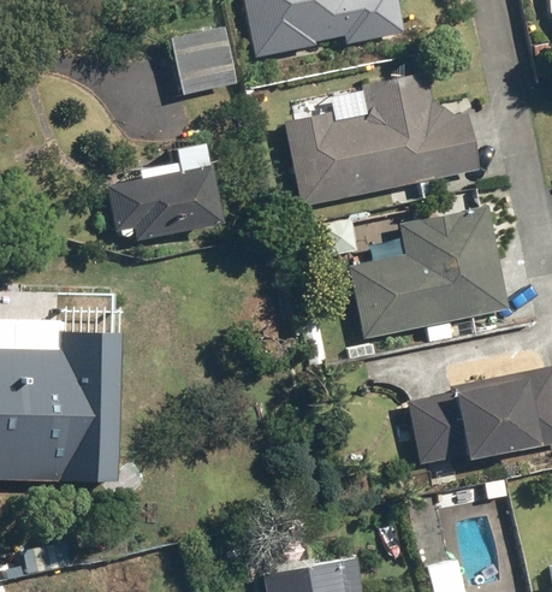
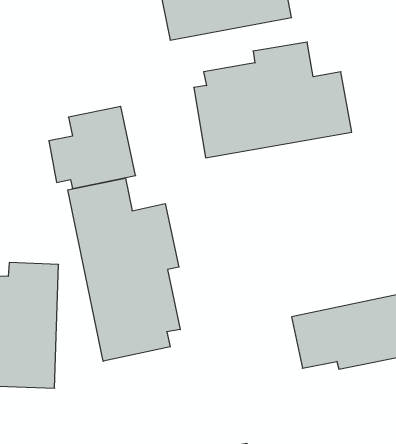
building: [170,23,236,95] -> none
building: [350,203,510,342] -> none
building: none -> [68,178,180,361]

